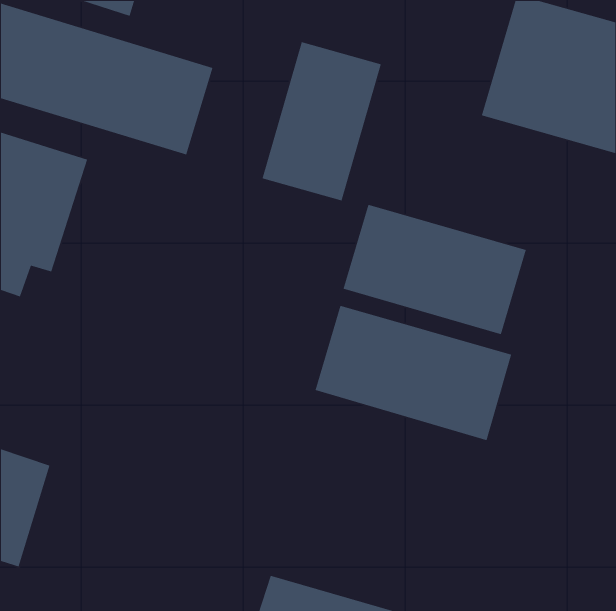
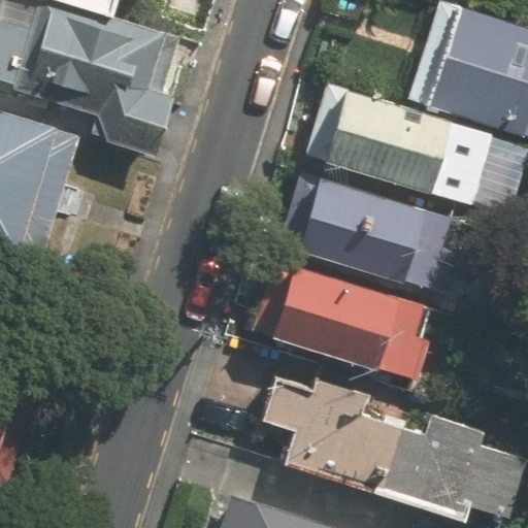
building: [261,41,382,201] -> none
building: none -> [318,90,493,207]
building: none -> [280,378,491,521]

